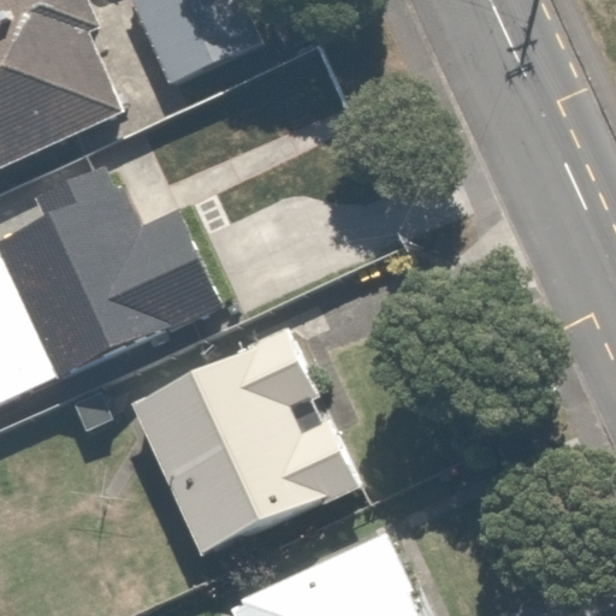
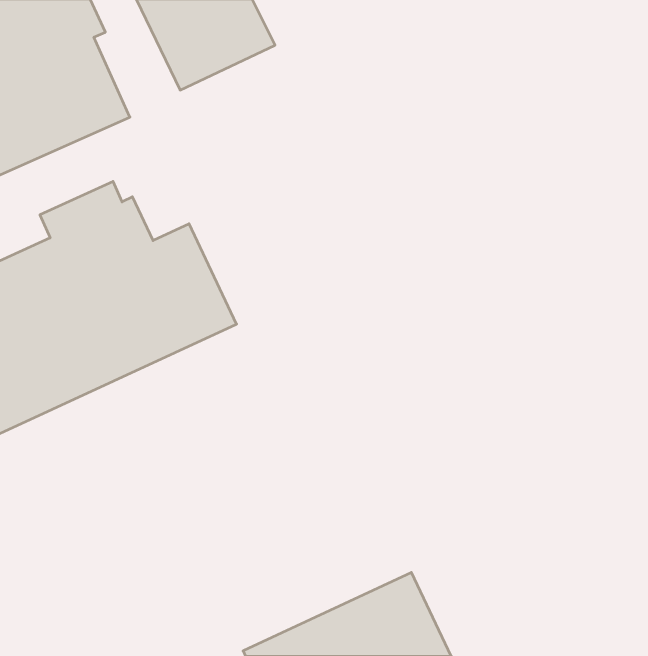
building: [128,332,357,559] -> none

